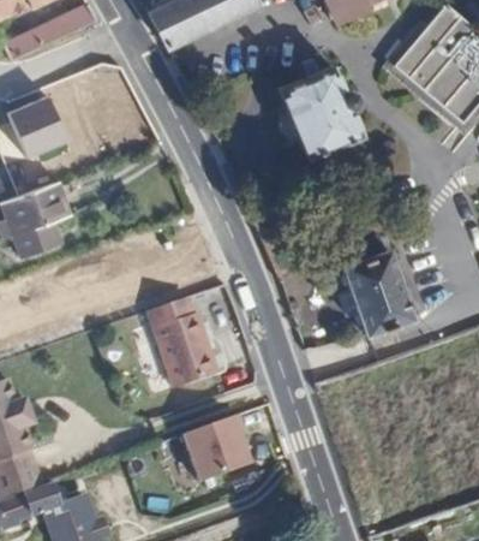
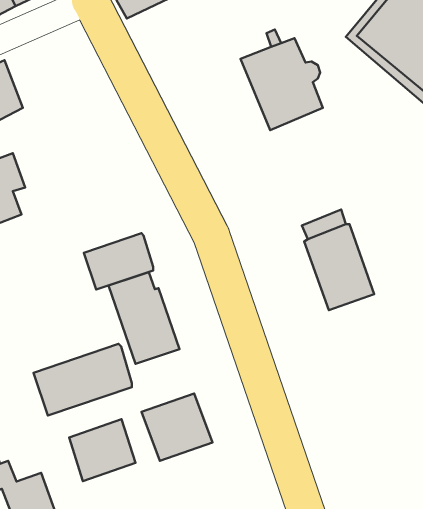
building: none -> [84,233,153,290]
building: none -> [33,344,132,415]
building: none -> [69,419,136,481]

